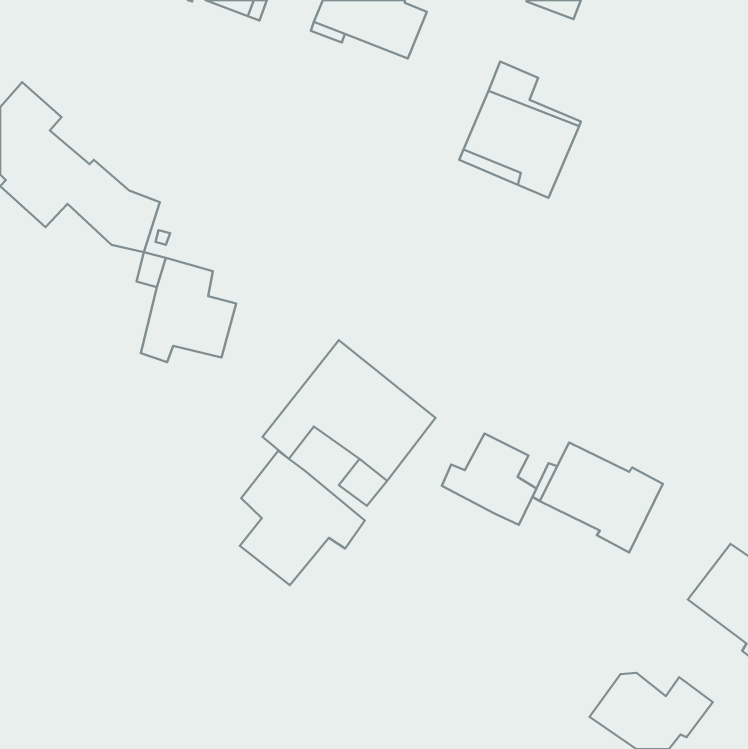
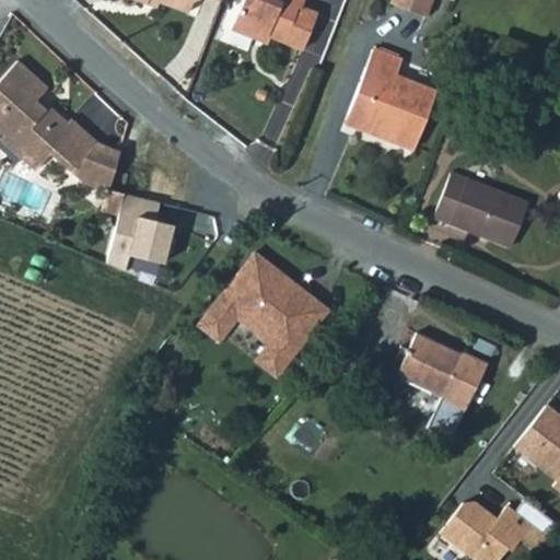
building: none -> [433,173,527,246]
building: [442,434,536,525] -> none
building: [240,451,365,585] -> none

